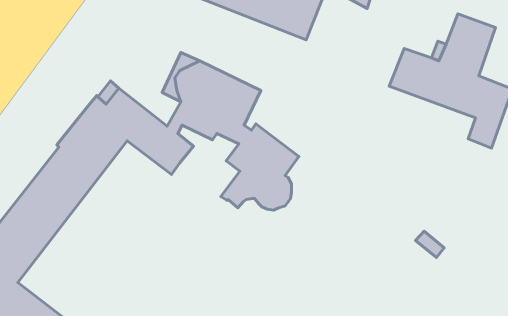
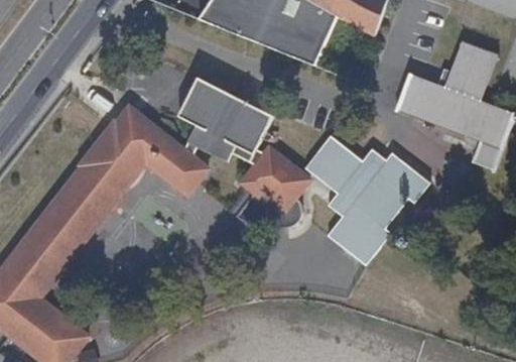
building: none -> [302,134,428,264]

